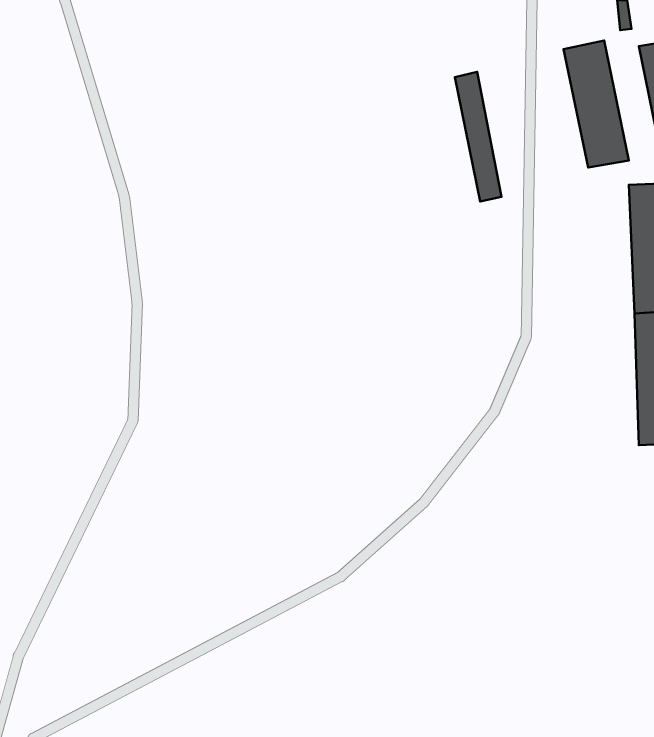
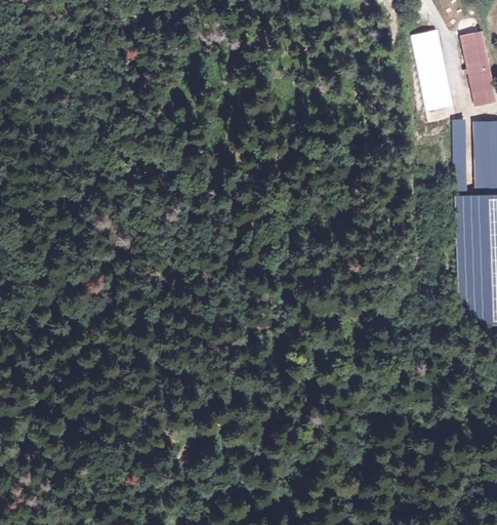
building: [455,72,501,202] -> none

